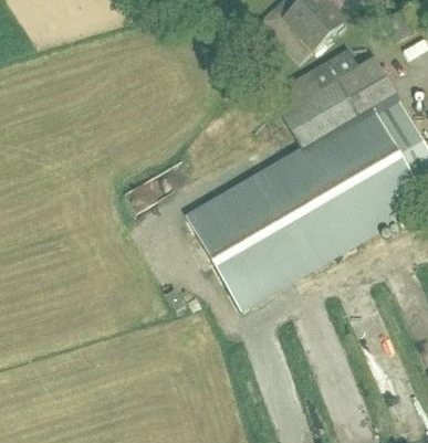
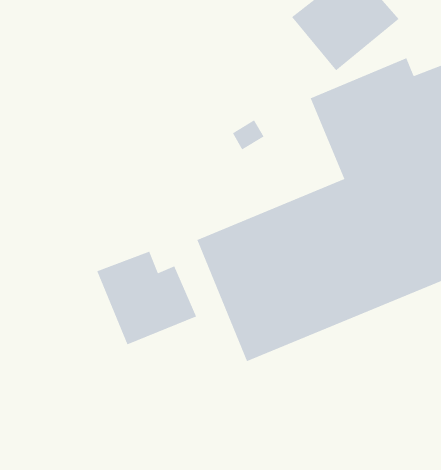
building: none -> [97,251,197,345]

